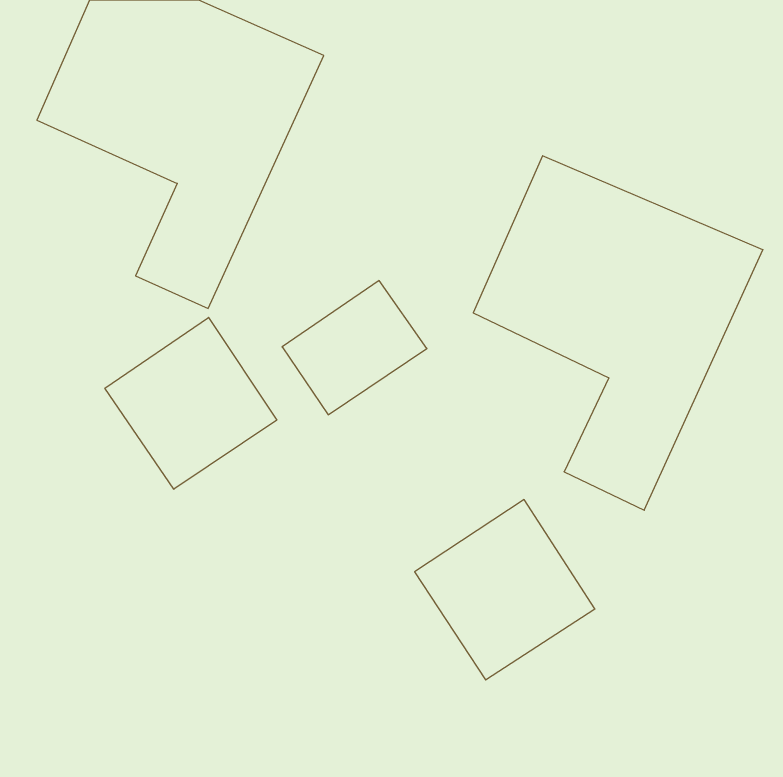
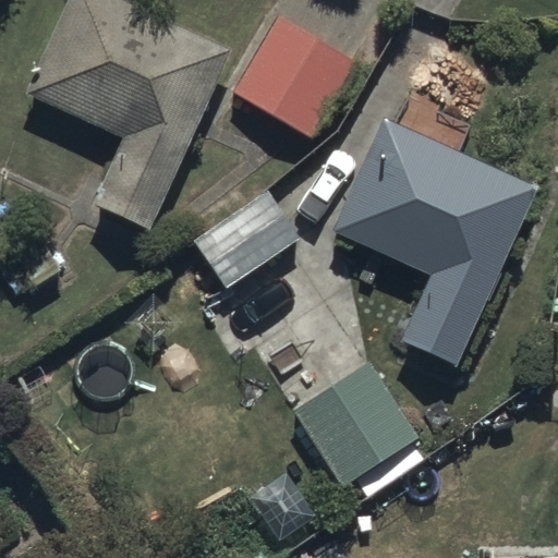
building: none -> [234,13,353,132]
building: [105,317,277,489] -> none

